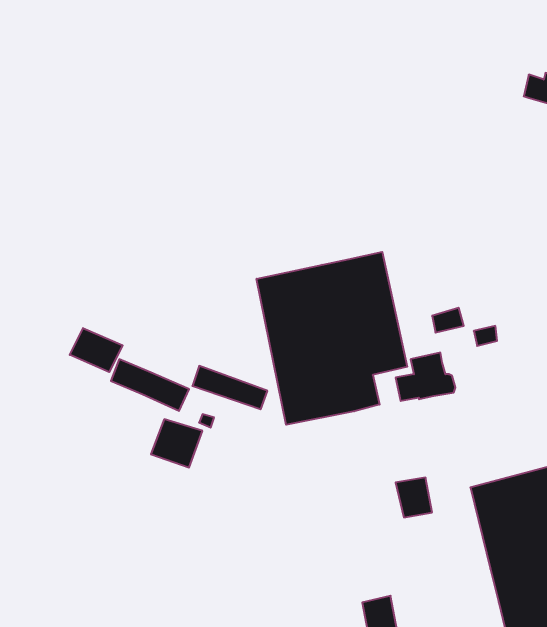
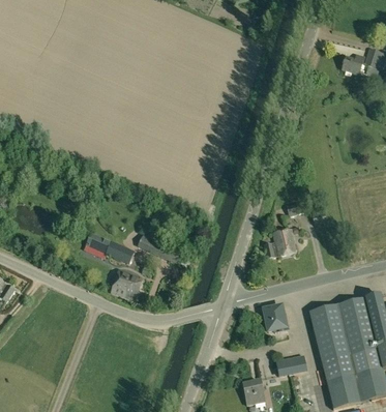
building: [257,252,407,425] -> none
building: [70,328,123,372] -> none
building: none -> [275,354,306,377]

